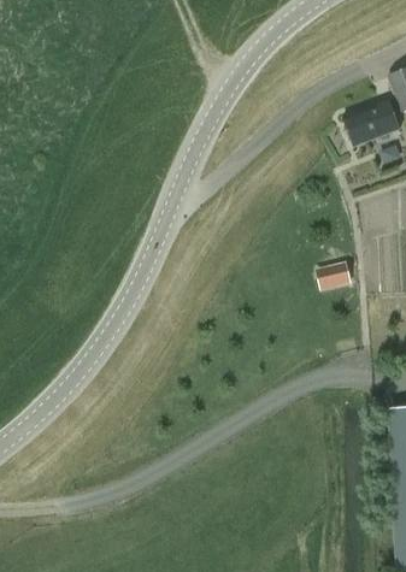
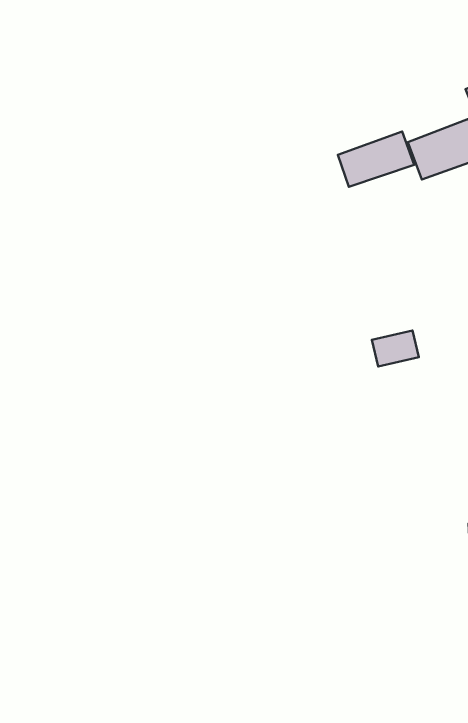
building: none -> [338,132,414,187]

